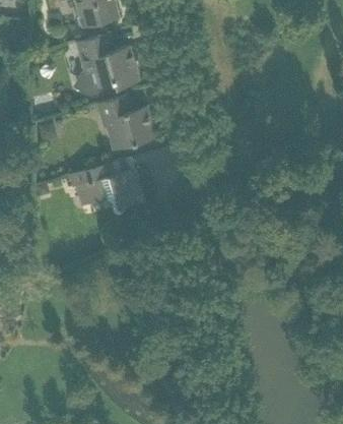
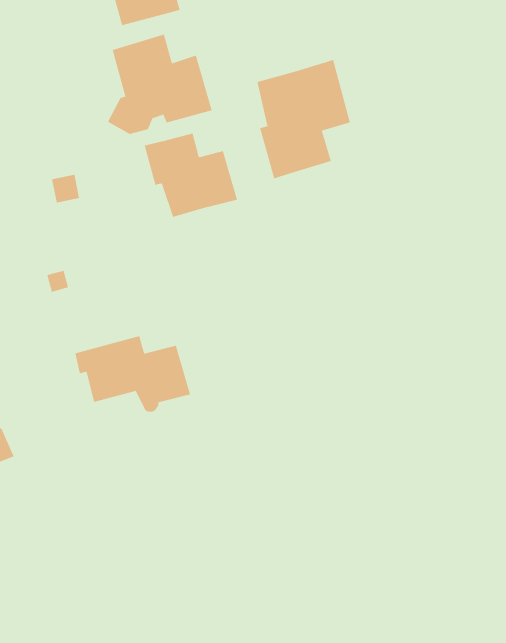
building: none -> [257,59,351,179]
building: [71,164,145,213] -> [75,336,191,412]

